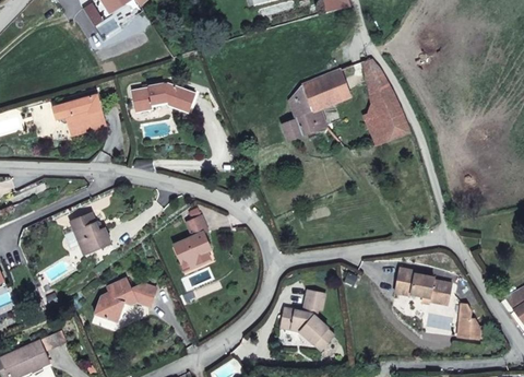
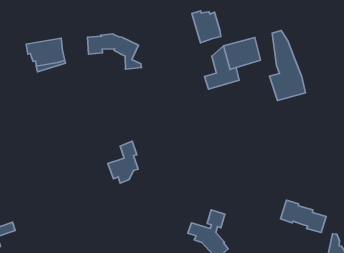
building: none -> [192,11,221,43]
building: [70,212,110,254] -> none
building: [94,278,155,321] -> none

